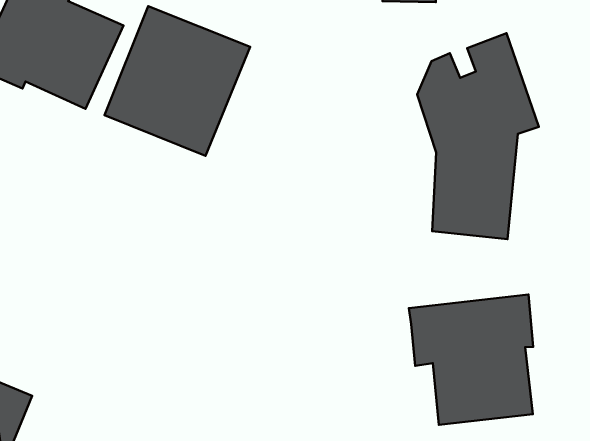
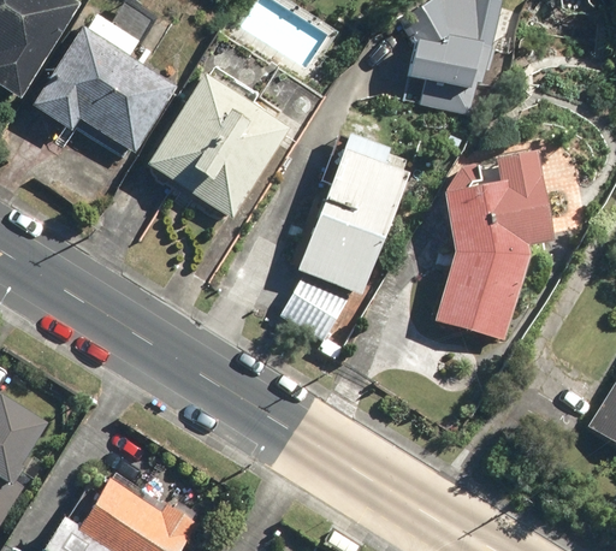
building: none -> [282,129,414,338]
building: [409,294,533,425] -> none

